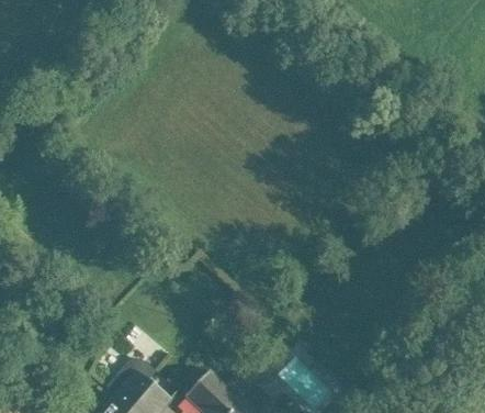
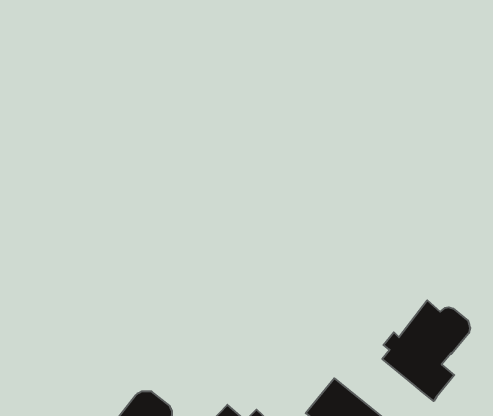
building: none -> [382,300,470,401]

